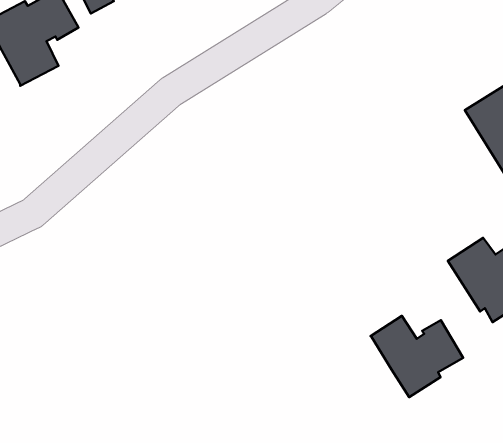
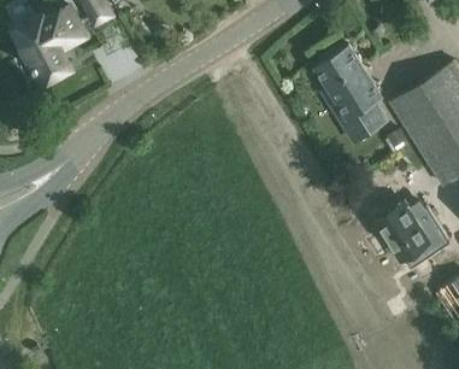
building: none -> [317,46,387,142]
building: [370,316,463,397] -> none

